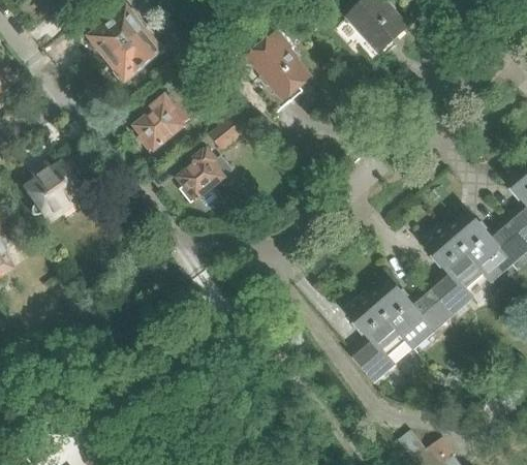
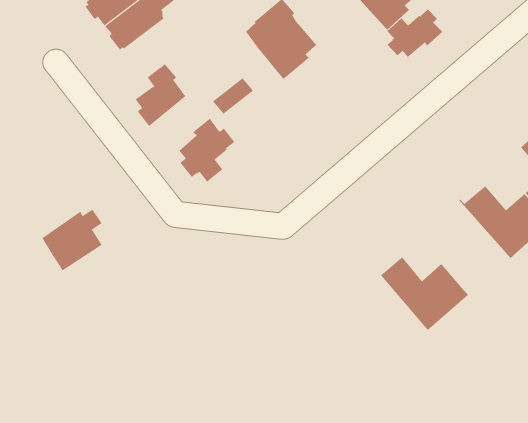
building: none -> [387,9,443,58]
building: [22,159,80,218] -> [41,209,103,271]
building: [424,224,493,314] -> none
building: [345,291,414,381] -> none

